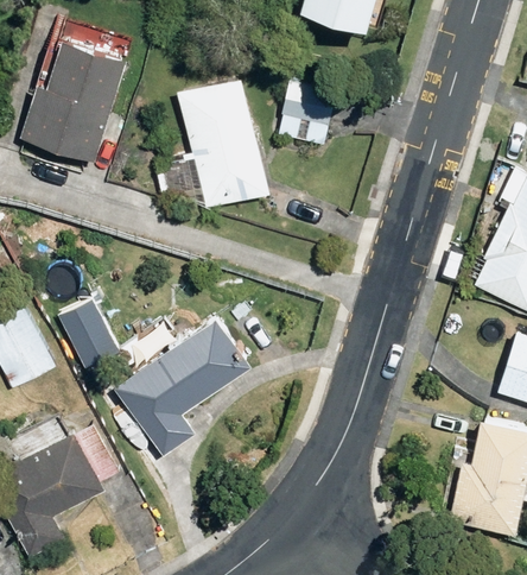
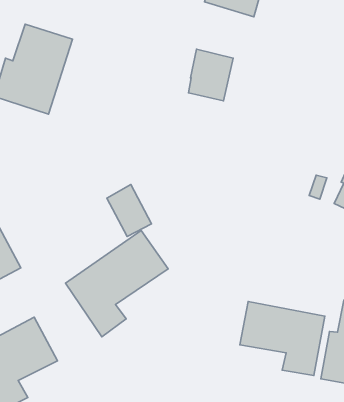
building: [178,80,268,209] -> none
building: [61,299,120,368] -> [107,185,151,236]
building: none -> [240,302,325,375]

